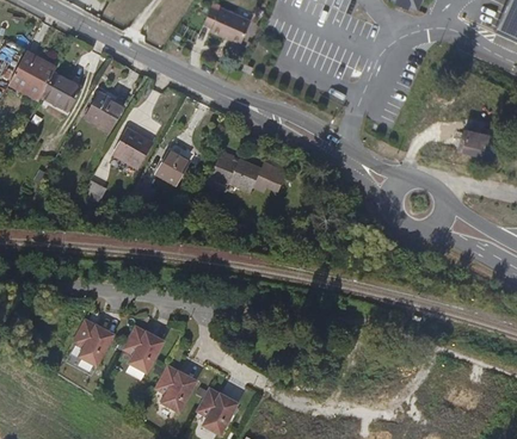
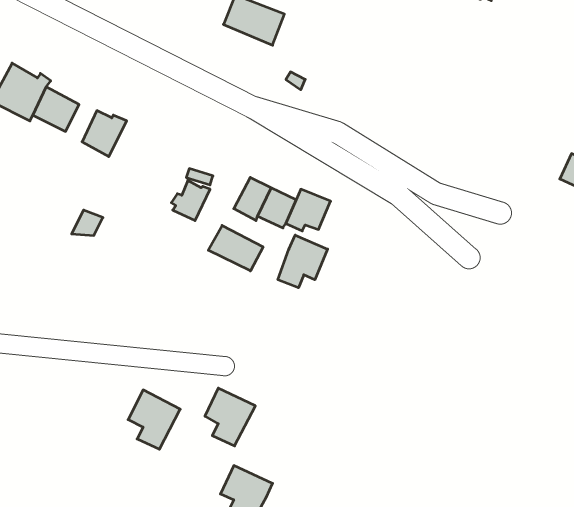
building: [112,125,155,168] -> none
building: none -> [208,225,263,271]
building: none -> [278,235,328,288]
building: [74,315,116,363] -> none
building: [156,361,197,408] -> [205,388,255,446]

